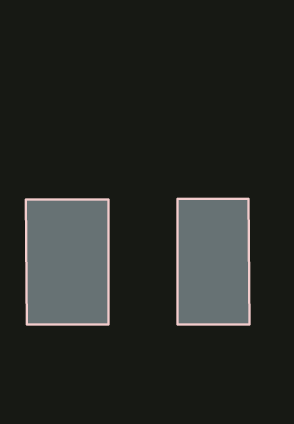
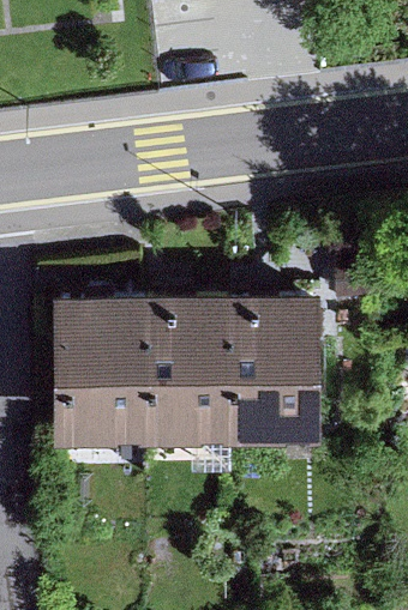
building: none -> [154,295,236,446]

